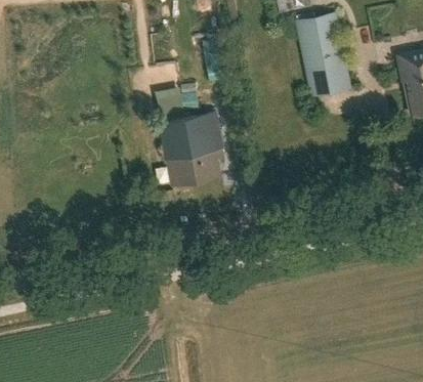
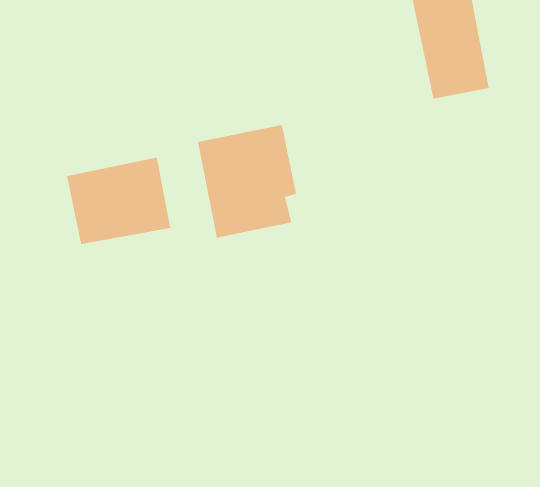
building: none -> [67,157,171,245]

